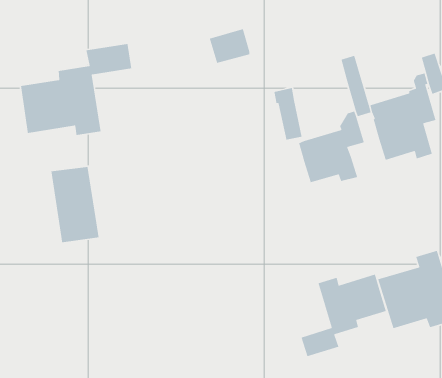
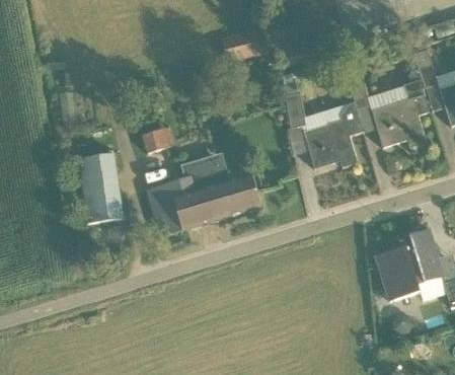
building: [20,43,132,136] -> none
building: none -> [141,126,174,151]
building: none -> [146,157,260,236]
building: [301,273,387,357] -> none

